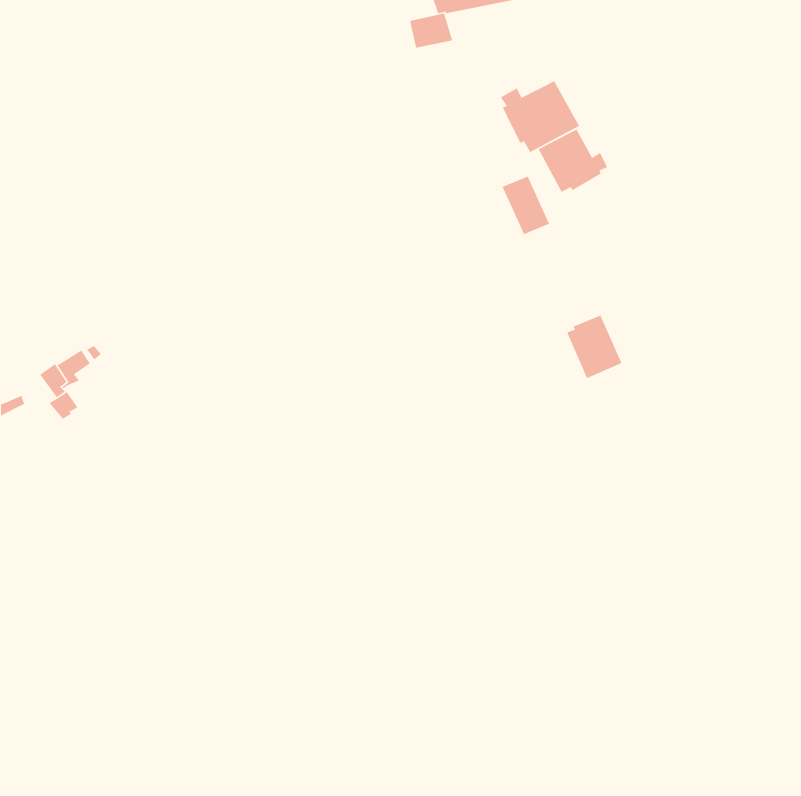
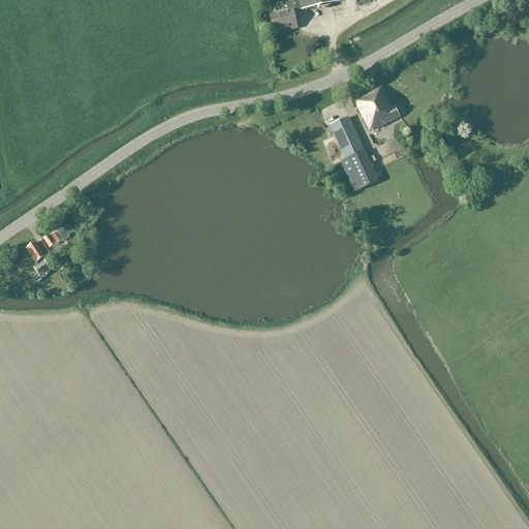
building: [500,80,580,153] -> none
building: [566,313,623,379] -> [341,147,378,190]

